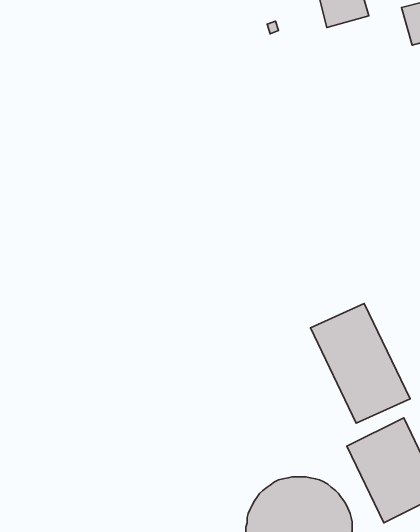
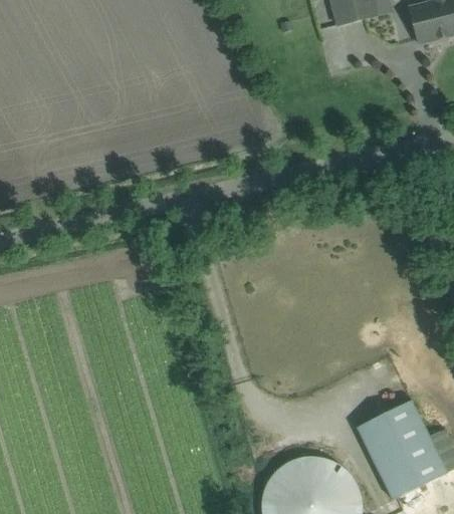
building: [310,303,410,423] -> none

